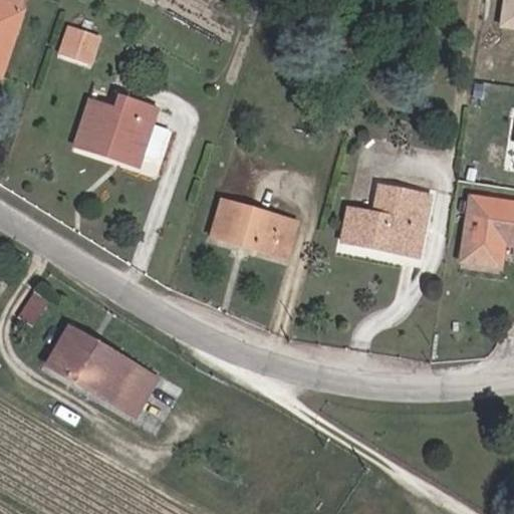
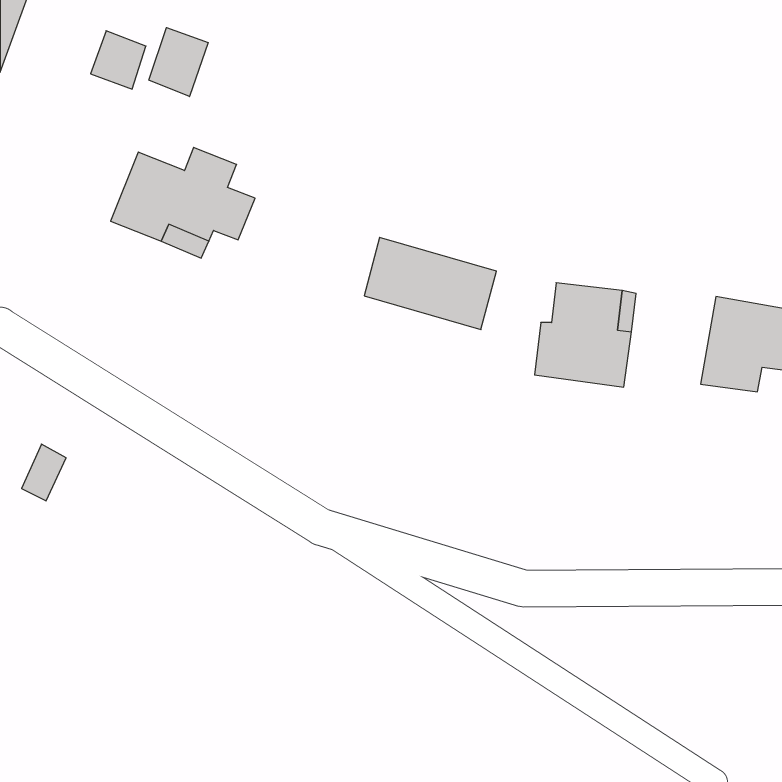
building: none -> [149,28,208,97]
building: [211,200,297,260] -> [364,237,496,330]
building: [47,325,155,414] -> none

